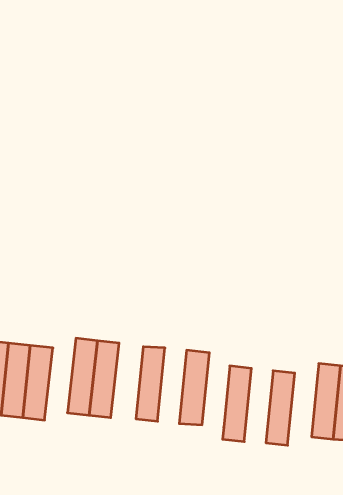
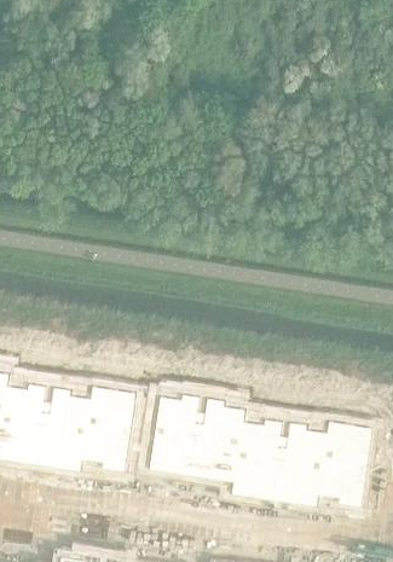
building: none -> [57,398,87,473]
building: none -> [171,398,200,474]
building: none -> [215,402,244,477]
building: none -> [258,418,287,493]
building: none -> [301,423,331,498]

